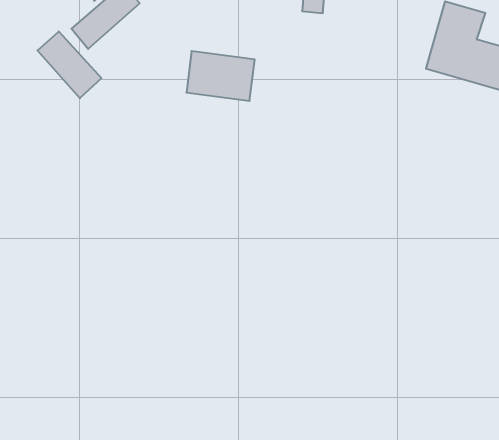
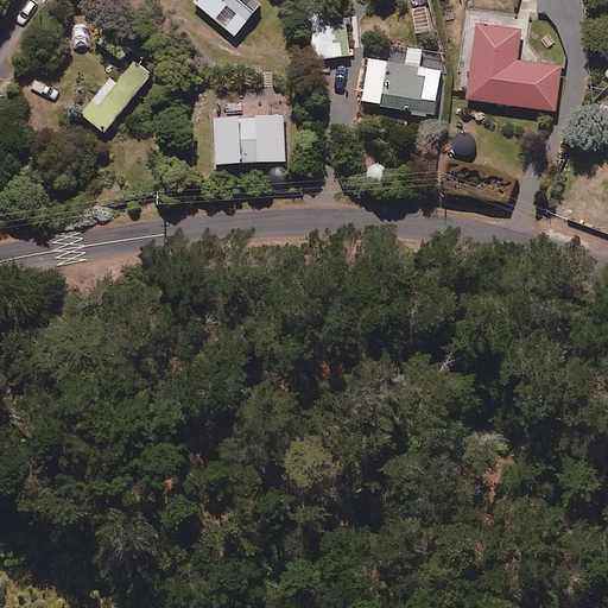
building: none -> [361,46,439,113]
building: [37,31,101,98] -> none

